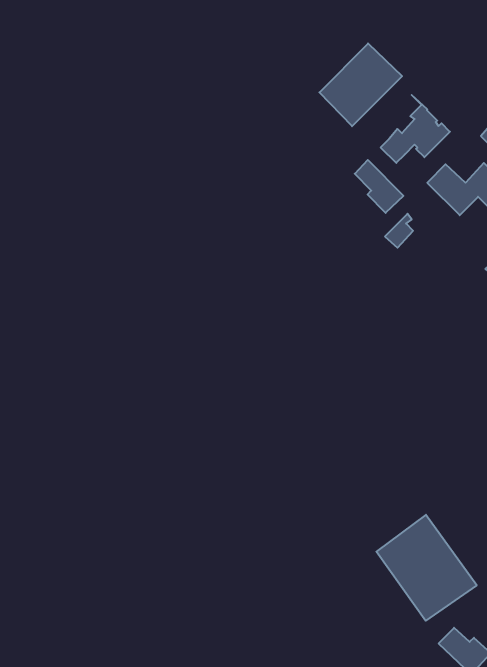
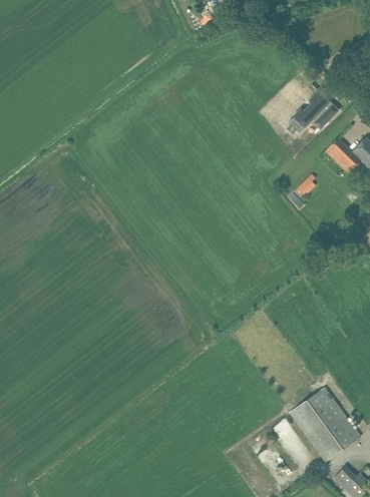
building: [319,43,402,126] -> none
building: [355,160,403,213] -> none

